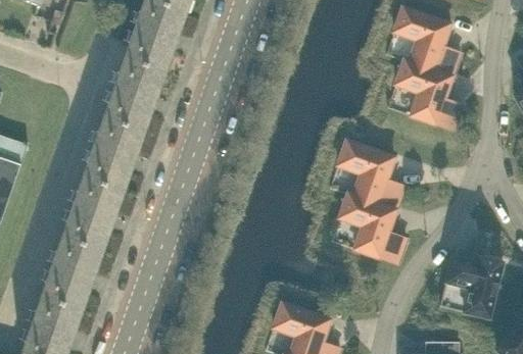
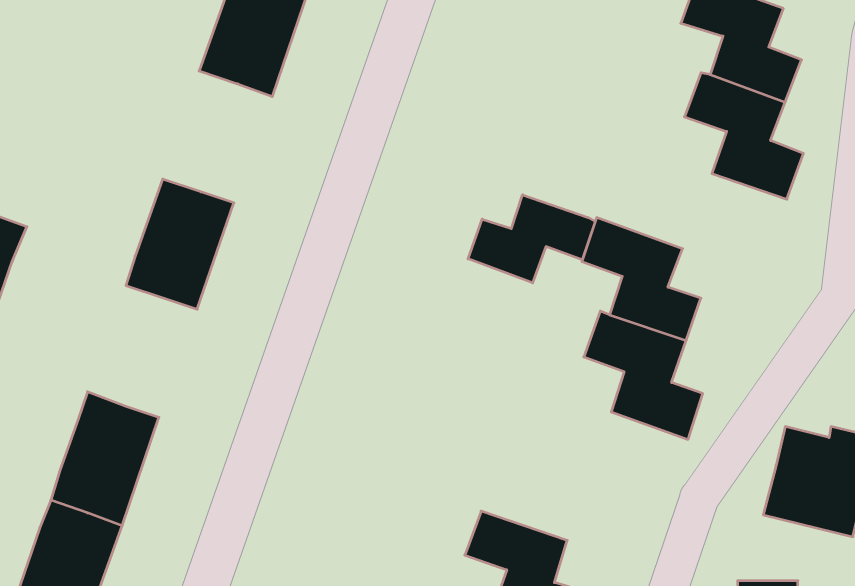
building: [103,58,164,132] -> none
building: none -> [468,195,595,283]
building: [61,178,123,251] -> none

